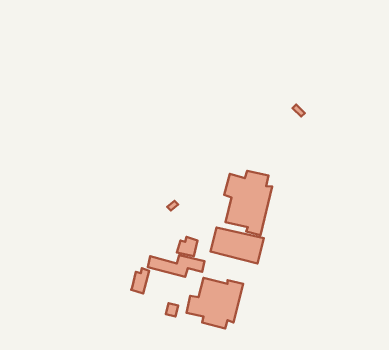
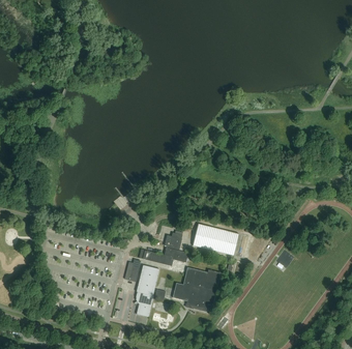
building: [224,171,272,235] -> none
building: none -> [136,265,160,317]

